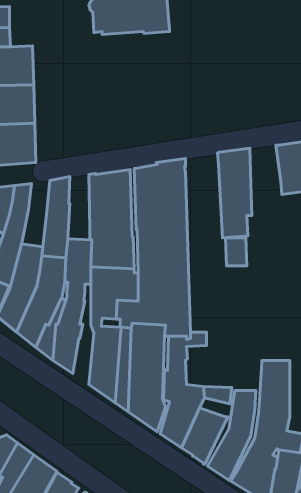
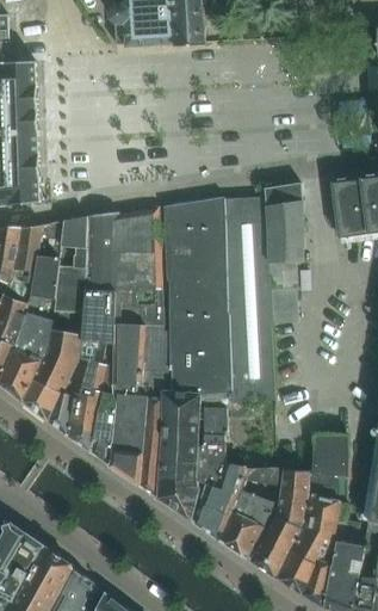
building: none -> [222,202,273,401]
building: none -> [86,214,110,291]
building: none -> [29,221,62,300]
building: none -> [89,364,114,463]

